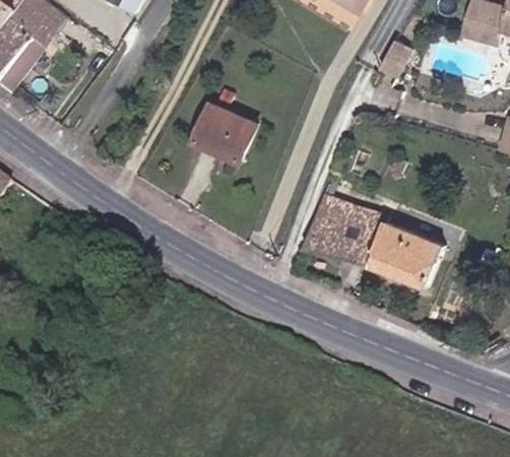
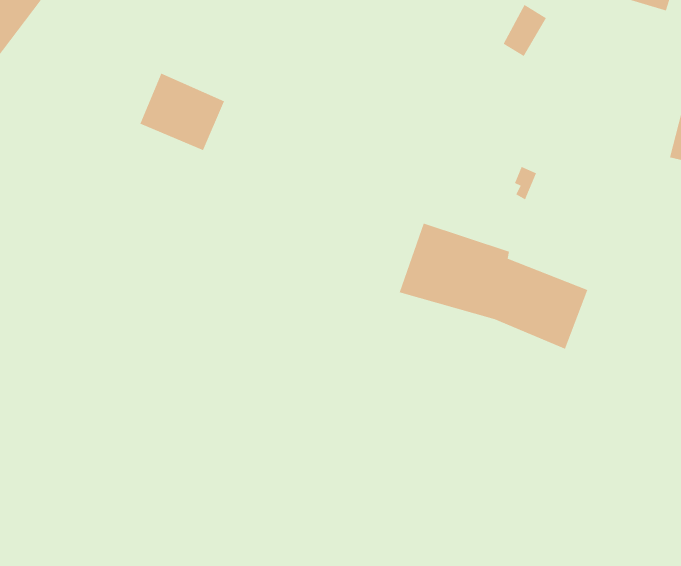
building: [194,105,255,160] -> [140,73,225,151]

